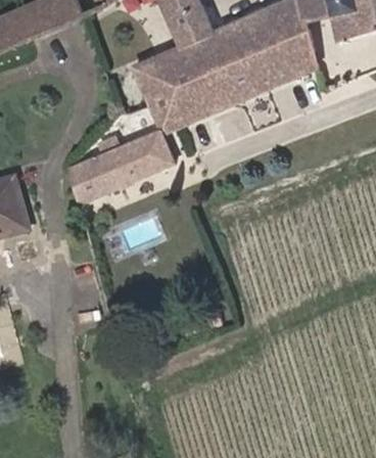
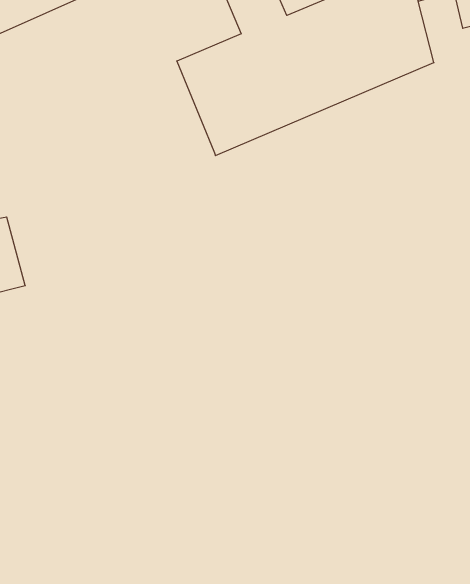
building: [68,131,174,204] -> none

